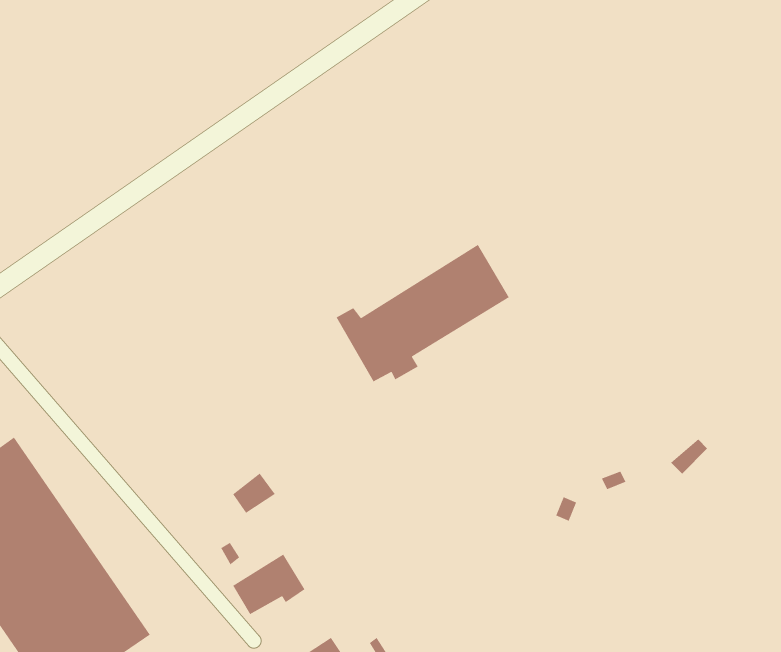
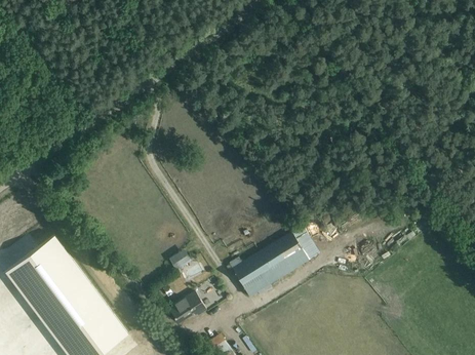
building: [336,244,510,383] -> [229,226,319,298]

